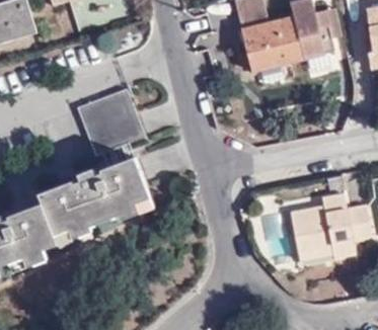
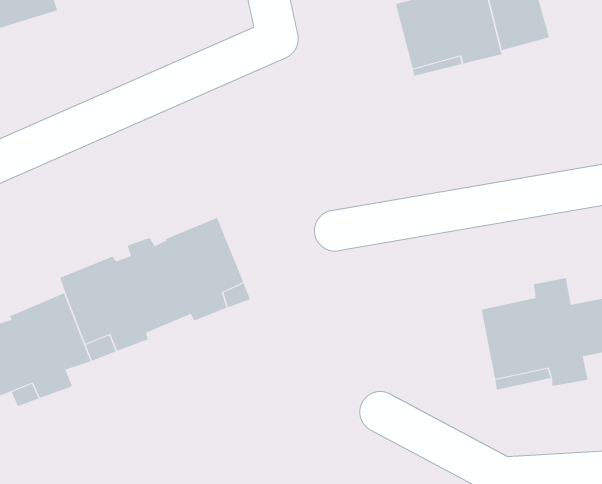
building: [76,88,146,156] -> none

